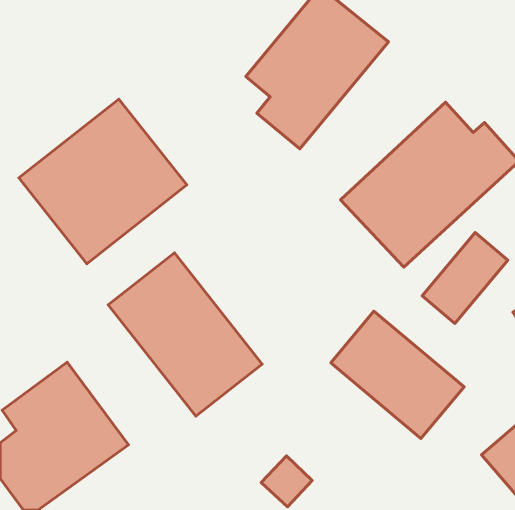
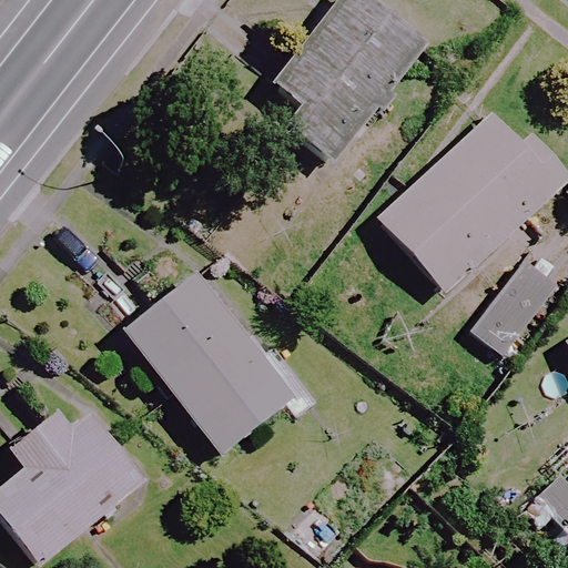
building: [19,99,187,264] -> none
building: [331,311,464,438] -> none

